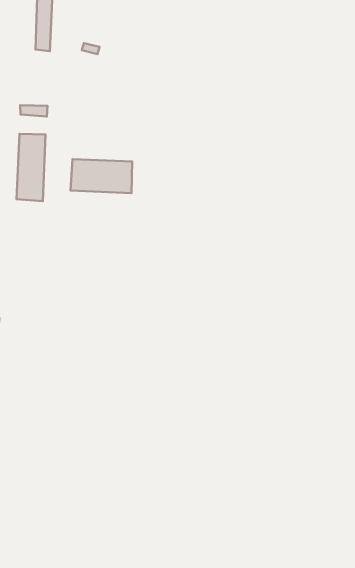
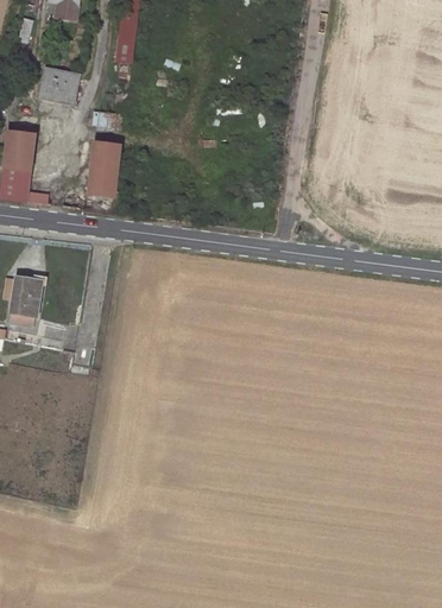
building: [71,159,132,193] -> none

